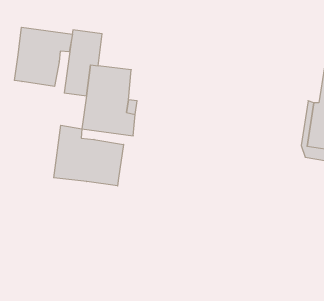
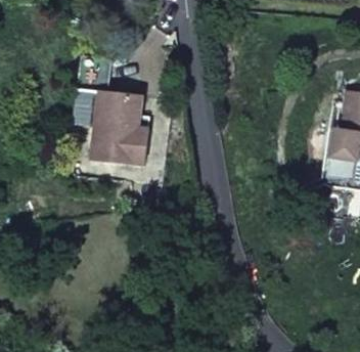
building: [14,27,72,86] -> none
building: [54,125,124,186] -> none

